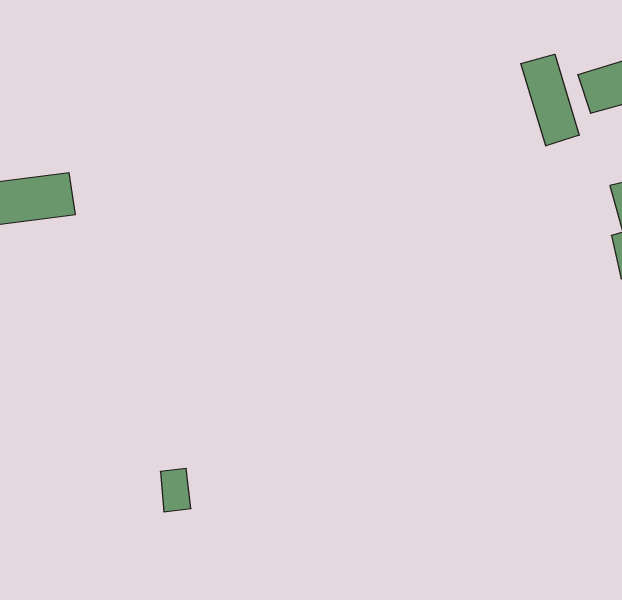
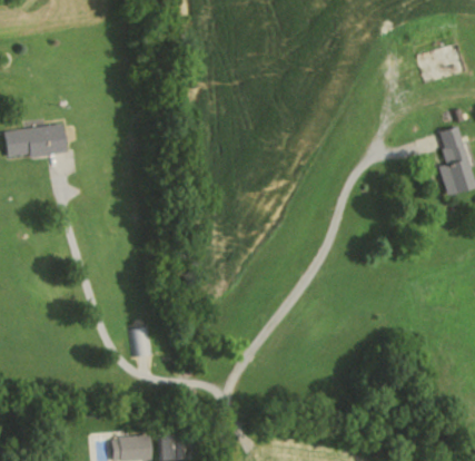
building: [521,54,579,146] -> none

